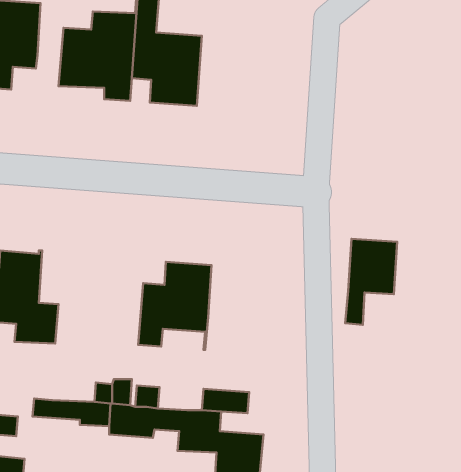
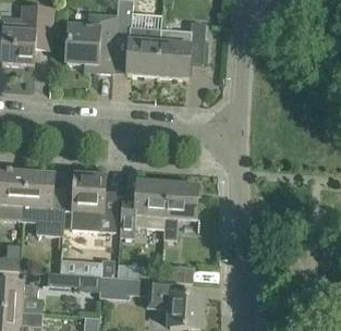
building: none -> [158,21,206,77]
building: [345,239,397,325] -> [163,182,198,240]
building: none -> [72,174,119,232]

